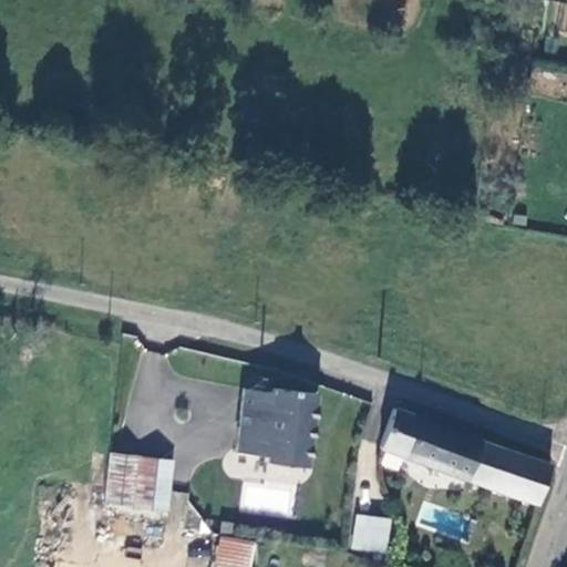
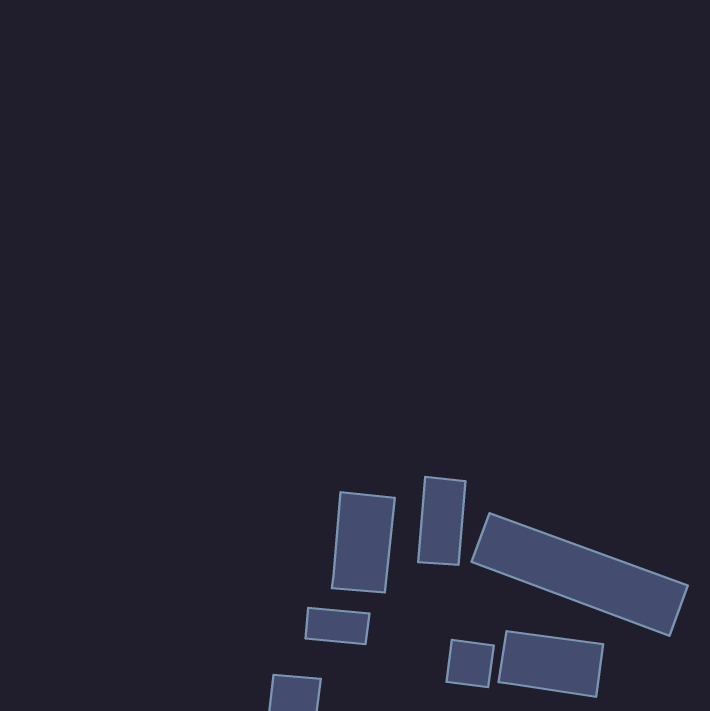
building: [235,389,272,458] -> [418,477,466,565]
building: [104,452,176,508] -> none
building: none -> [498,631,603,697]

